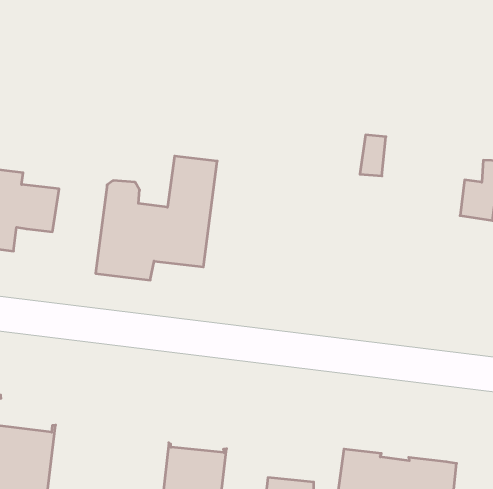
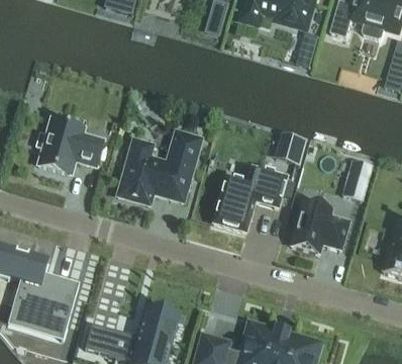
building: none -> [213,167,286,233]
building: none -> [291,201,348,253]

